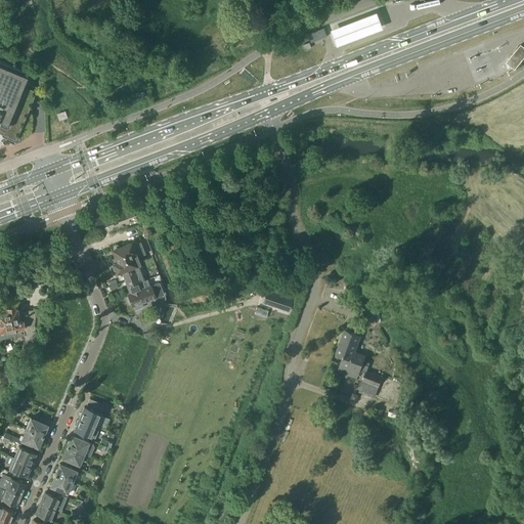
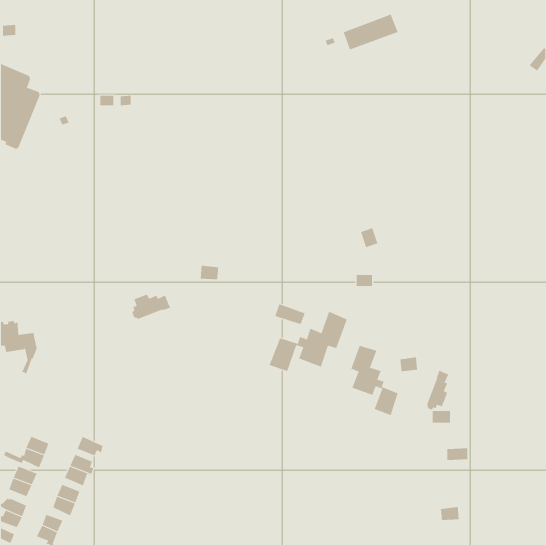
building: [113,243,145,288] -> none
building: none -> [269,311,347,372]
building: none -> [426,370,449,410]
building: [79,400,103,427] -> none

